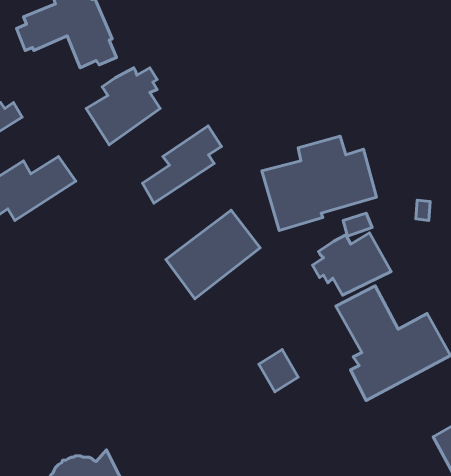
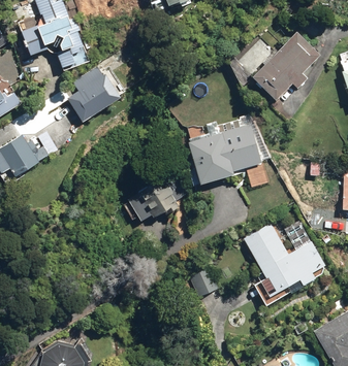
building: none -> [250,32,319,101]
building: [143,126,222,203] -> none
building: [313,233,391,295] -> none

